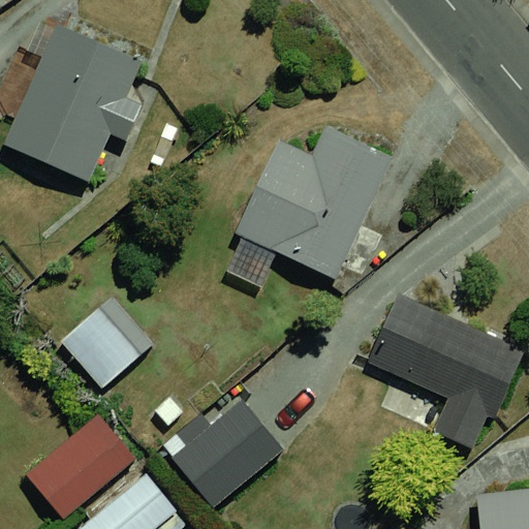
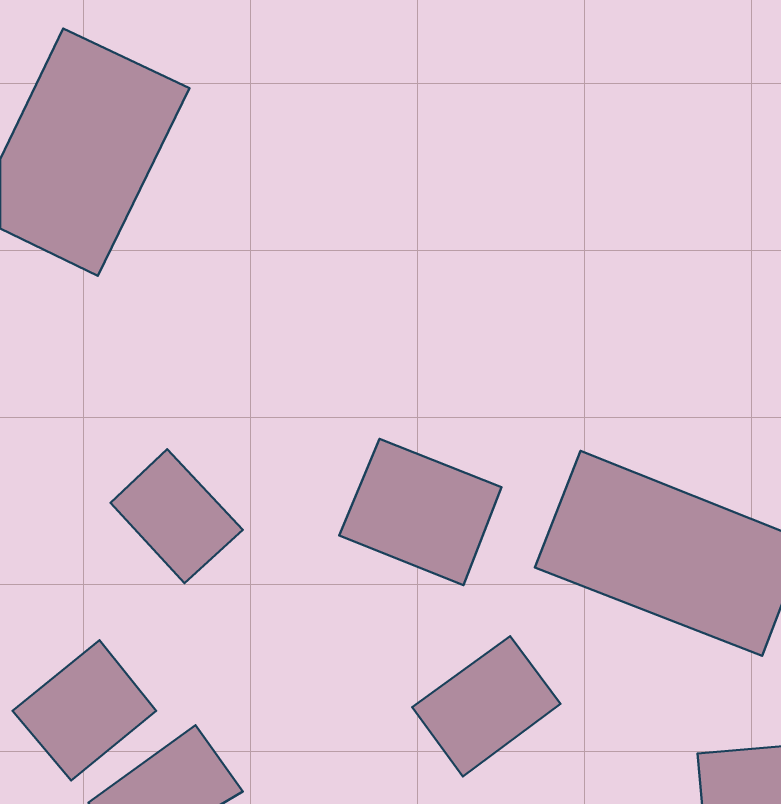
building: [235,135,393,286] -> none
building: none -> [339,439,501,585]
building: [169,402,267,494] -> [412,636,561,777]

